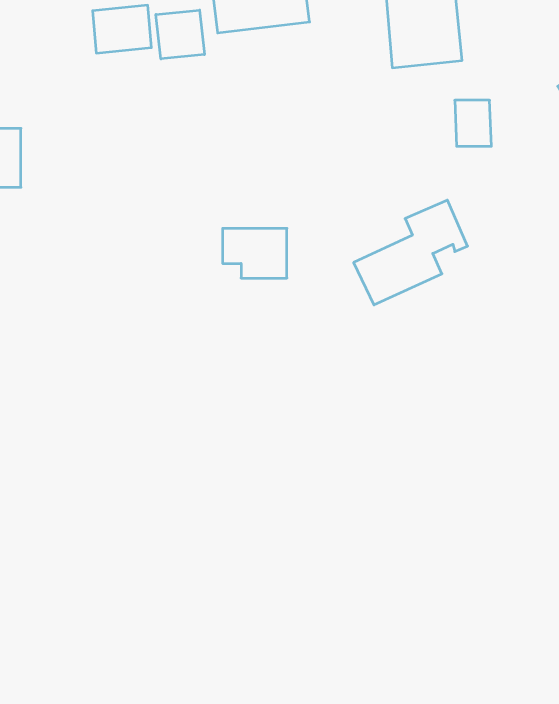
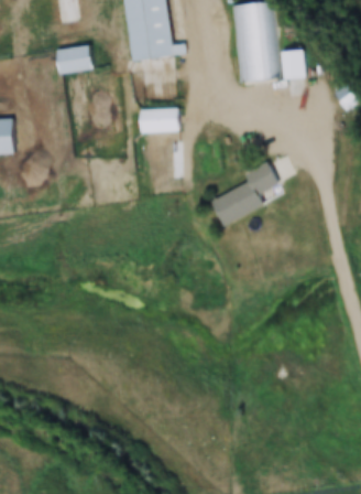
building: [156,10,204,59] -> none
building: [455,100,491,146] -> [284,50,306,77]
building: [223,228,287,278] -> [141,109,179,139]

